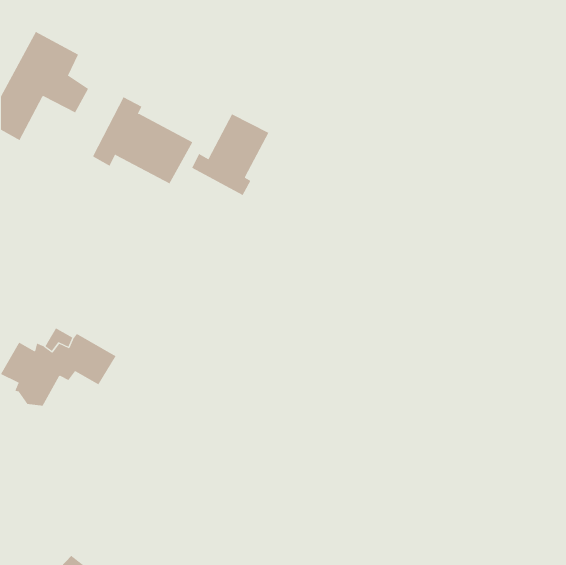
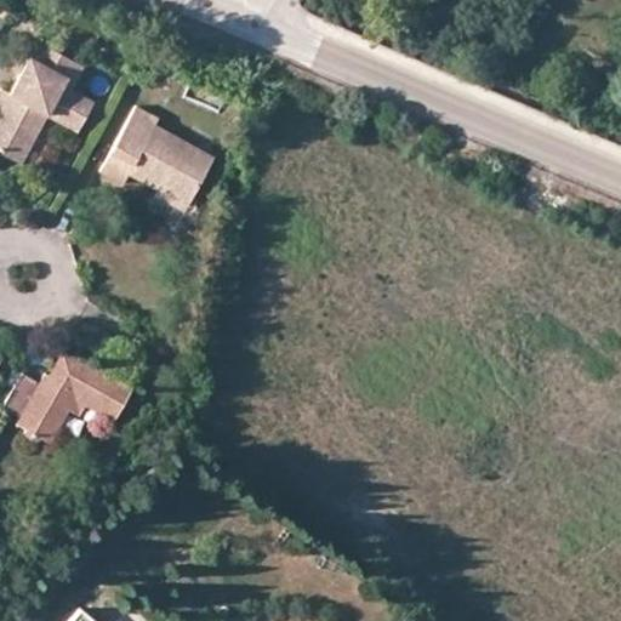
building: [191,114,269,196] -> none

